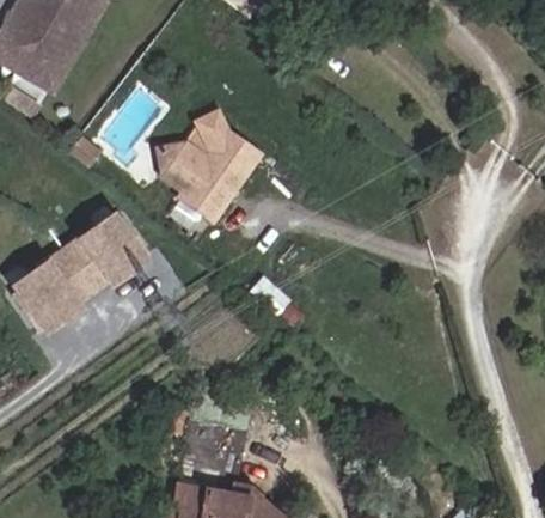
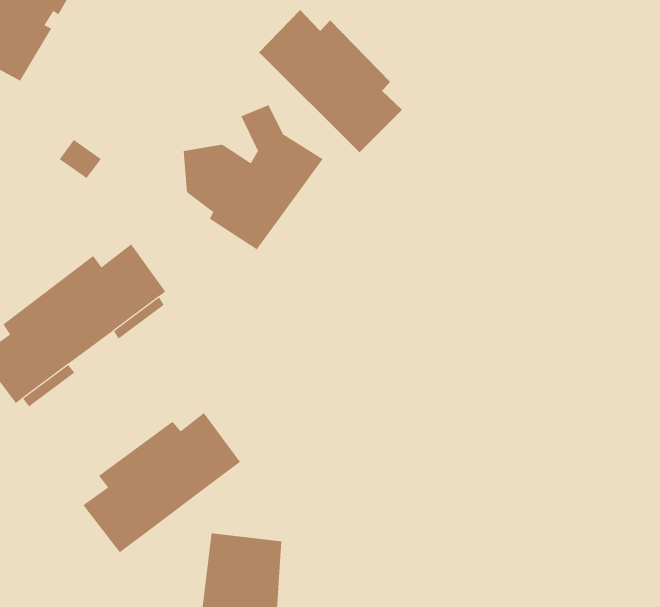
building: none -> [258,9,403,153]
building: none -> [82,412,241,553]

